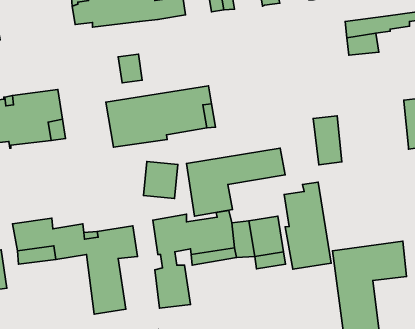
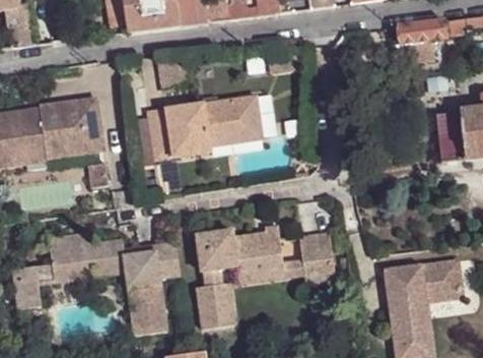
building: [313,116,342,165] -> [434,110,465,162]
building: [186,148,285,216] -> none
building: [143,162,178,199] -> none
building: [284,182,331,269] -> none

